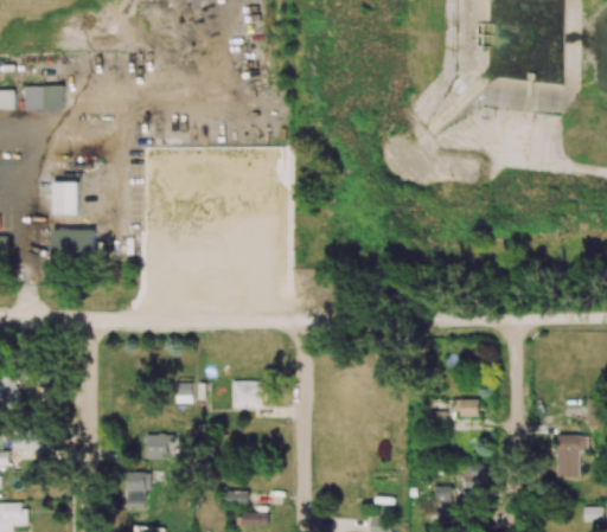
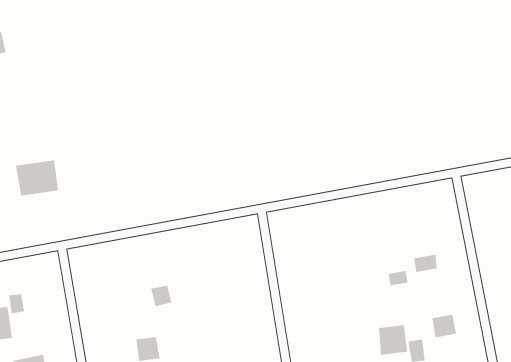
building: [52,181,77,214] -> none
building: [231,380,261,408] -> none
building: none -> [378,324,408,355]

